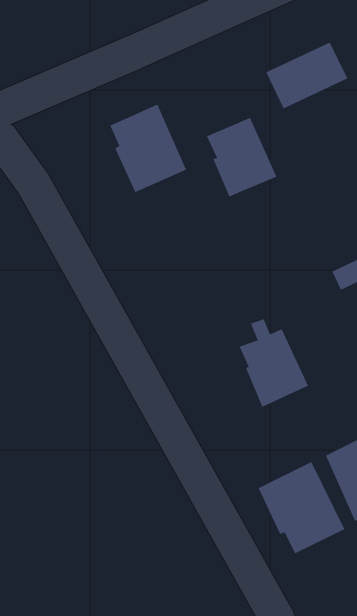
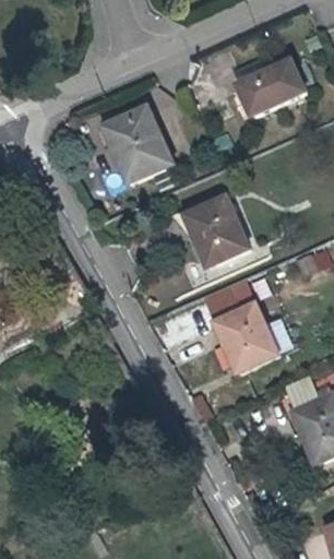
building: [206,117,277,197] -> [183,195,244,264]
building: [258,461,345,554] -> none

